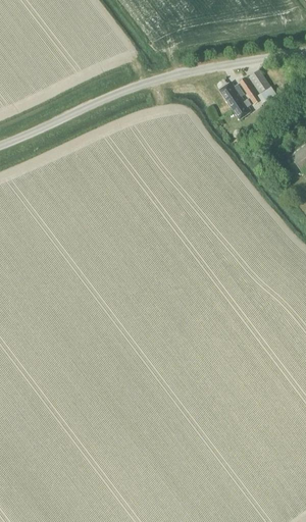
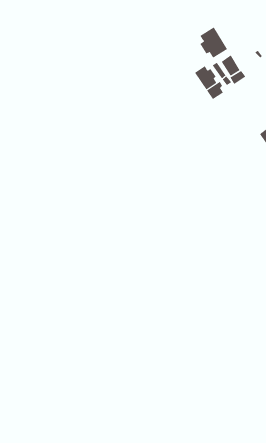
building: none -> [199,27,228,58]

